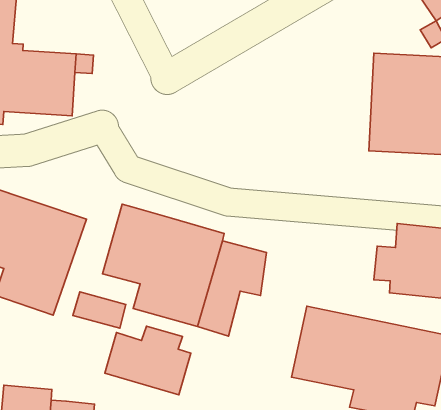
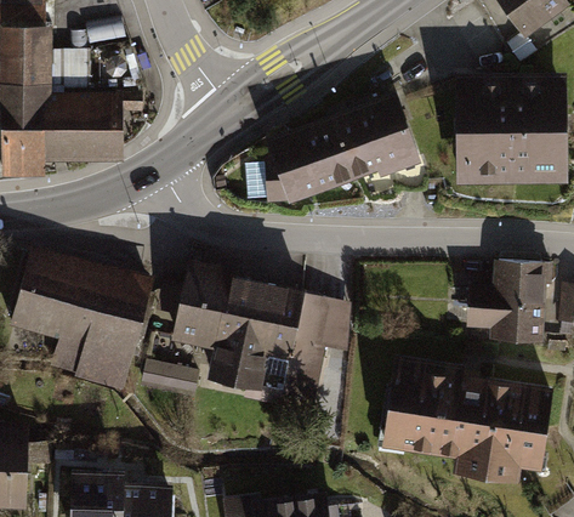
building: none -> [262,95,416,205]
building: [105,326,191,395] -> none

